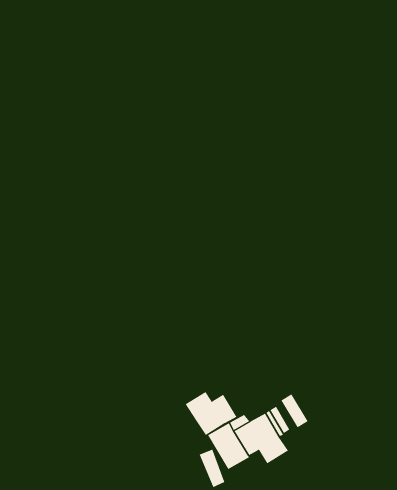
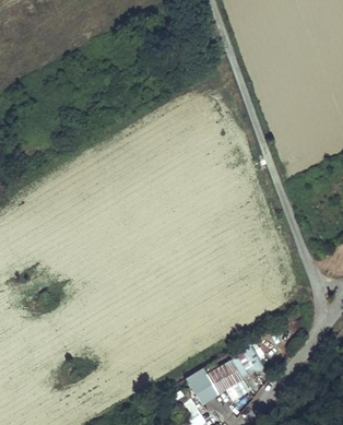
building: [185,391,237,436] -> none

